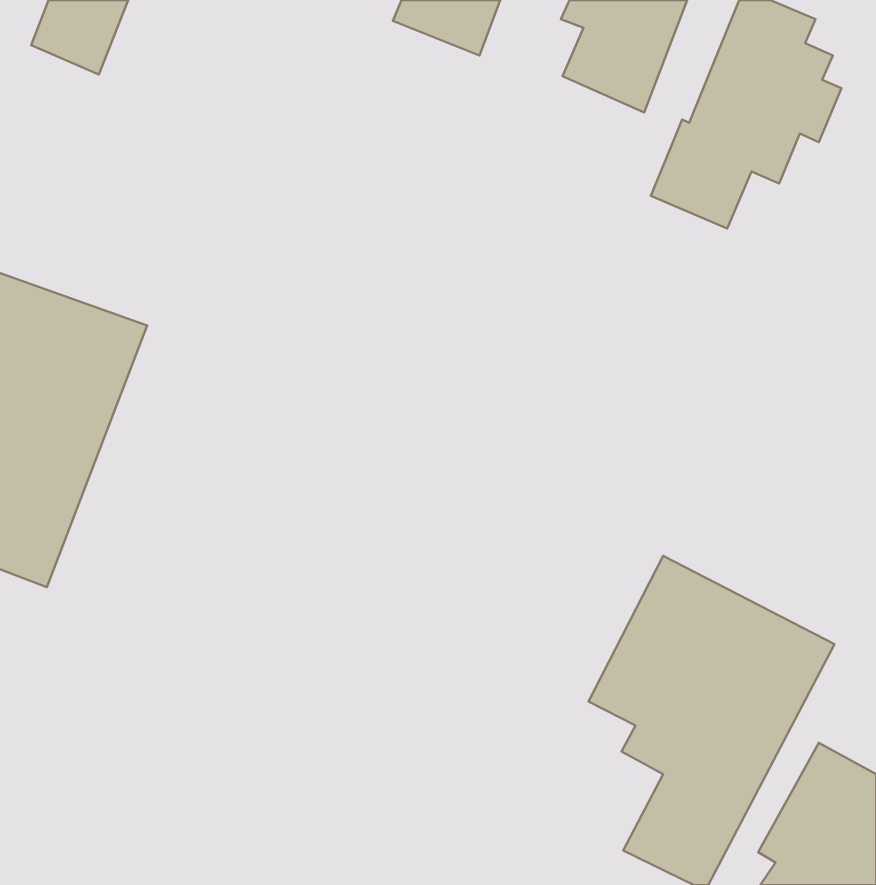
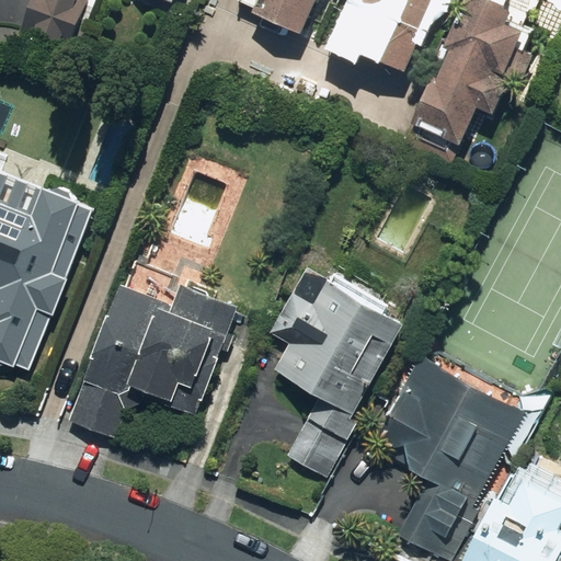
building: none -> [268,276,405,476]
building: none -> [68,287,233,431]

